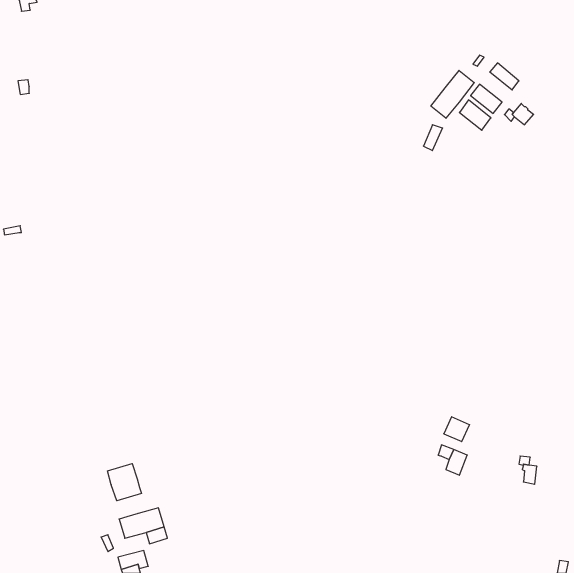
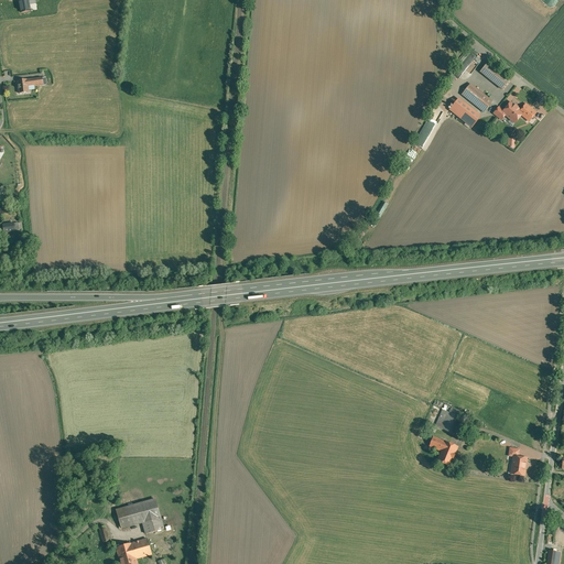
building: [431,70,474,118] -> none
building: [108,464,141,501] -> none

